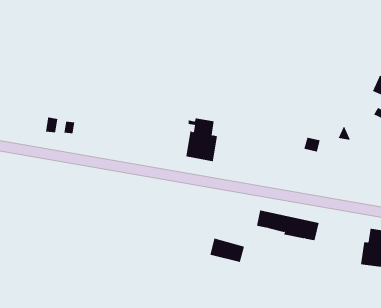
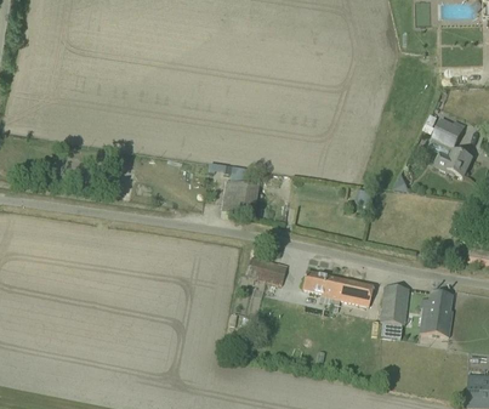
building: none -> [380,285,409,324]
building: [209,238,245,262] -> [246,256,286,284]

